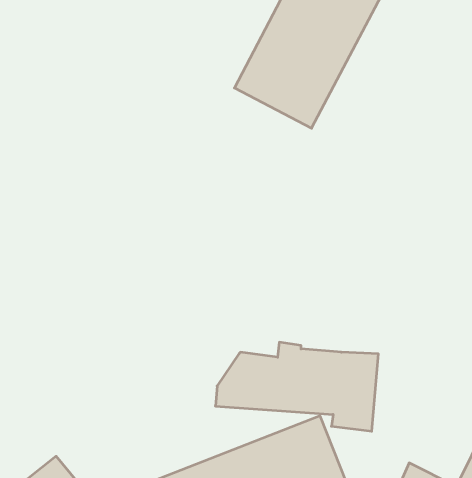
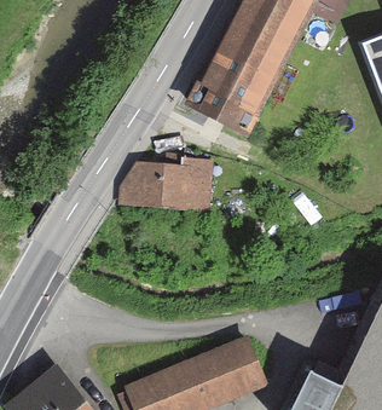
building: [215,342,378,431] -> [117,152,235,216]

